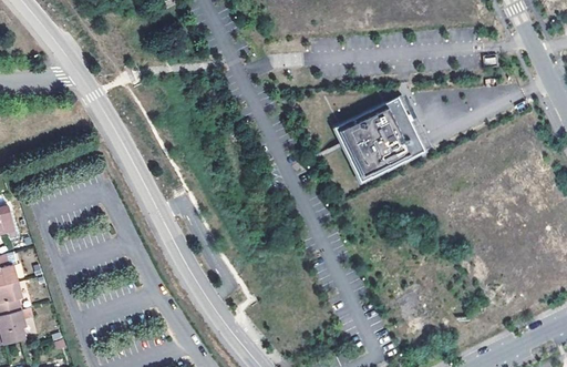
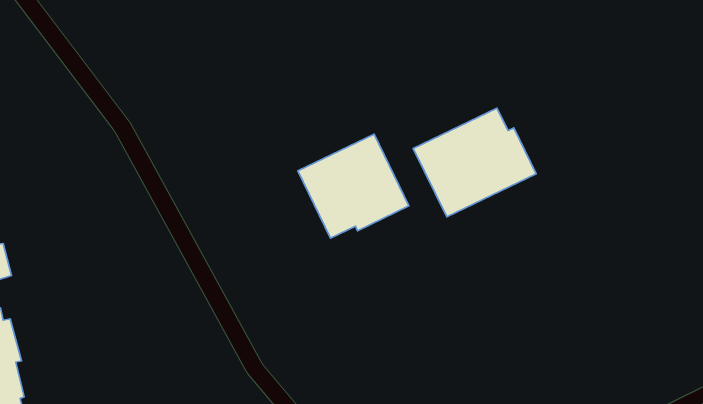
building: none -> [298,134,409,238]

